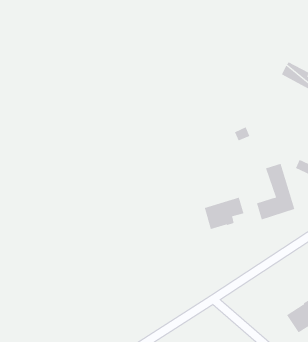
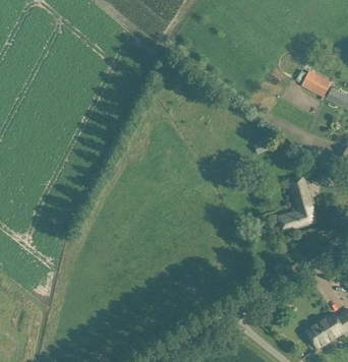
building: [204,197,244,230] -> none

